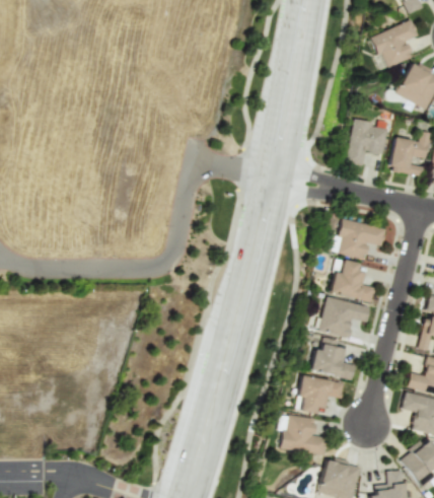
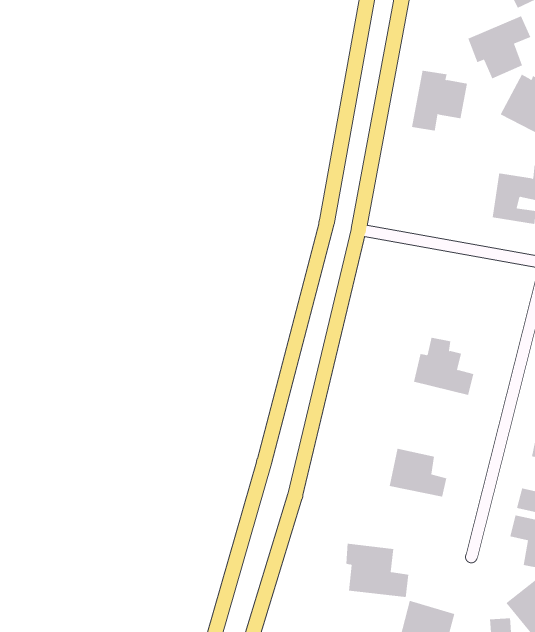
building: [346,119,388,164] -> [411,70,468,131]
building: [339,219,386,259] -> none
building: [319,297,370,338] -> none
building: [299,375,345,414] -> none

